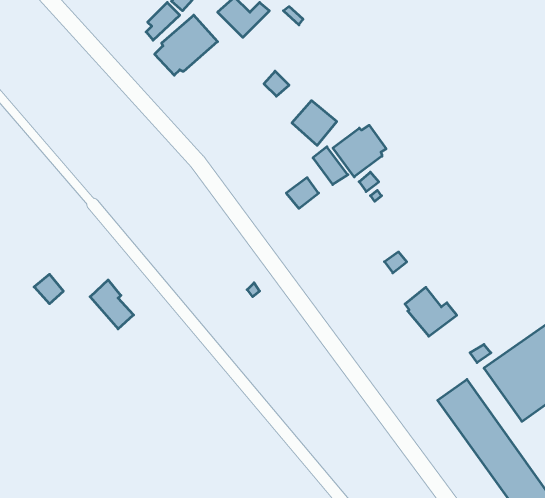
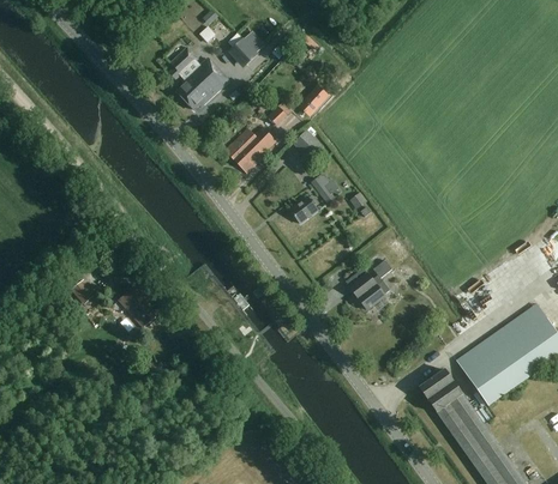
building: none -> [226,127,275,171]
building: [333,125,386,177] -> none
building: [405,287,457,336] -> [347,267,391,309]

